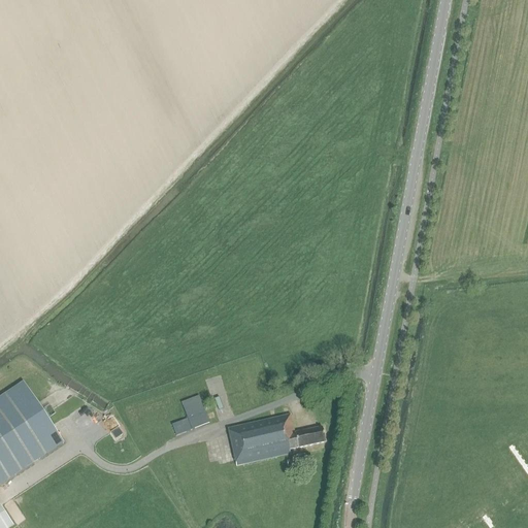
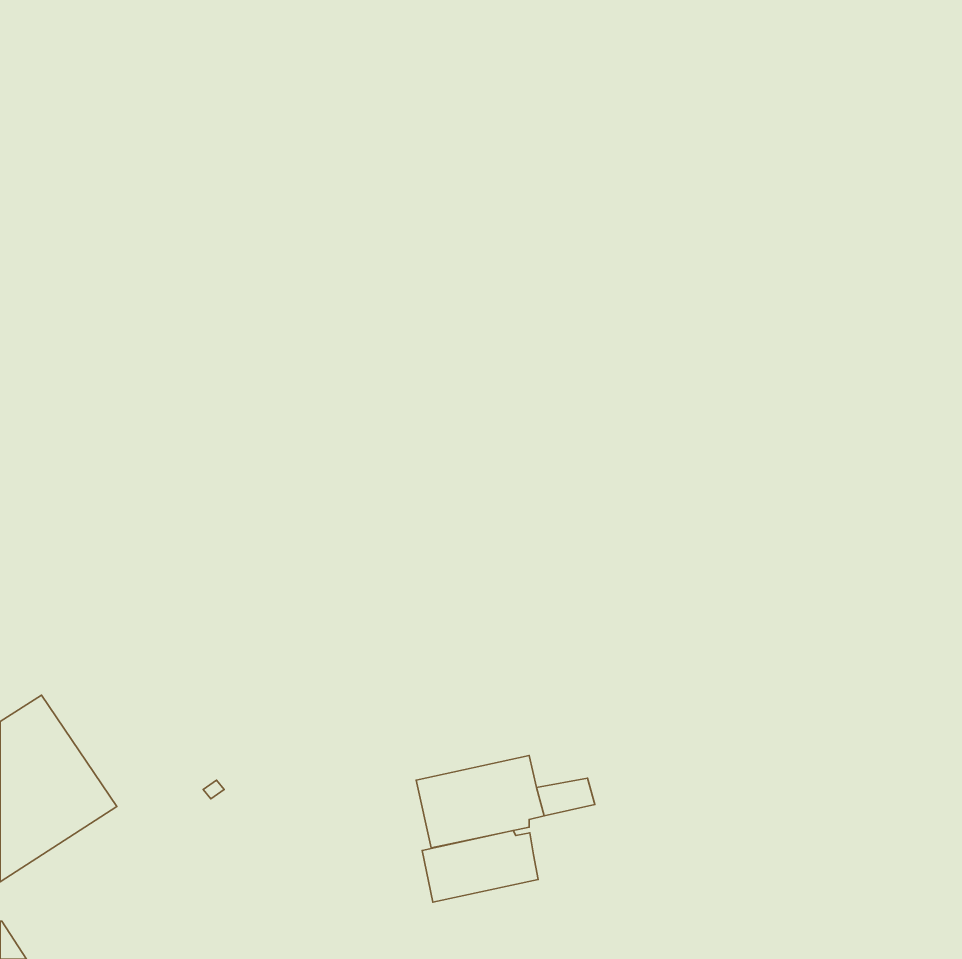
building: [171,394,209,434] -> none
building: none -> [422,830,538,902]

